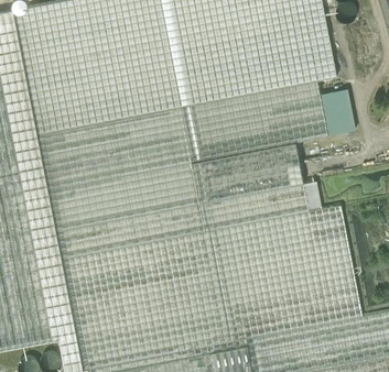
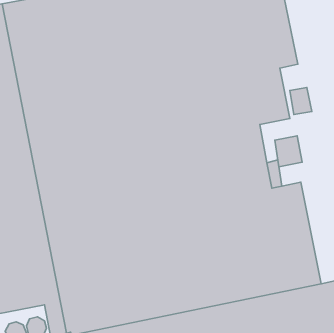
building: none -> [275,136,302,167]

